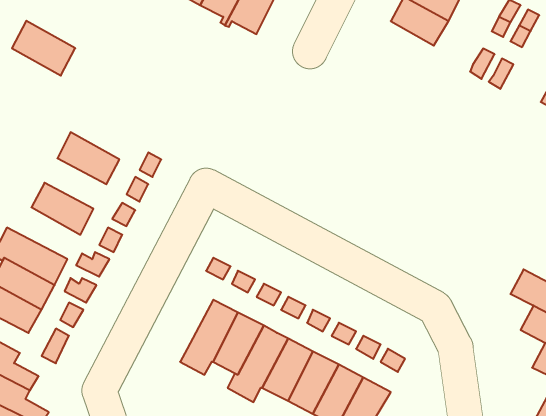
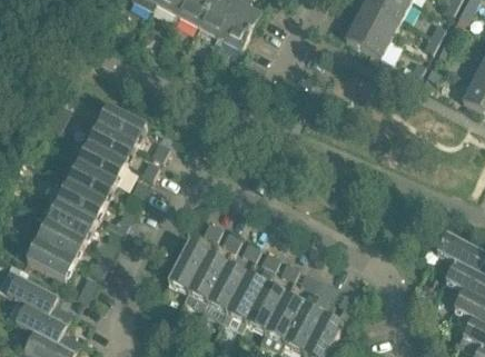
building: [12,21,75,76] -> [98,103,147,146]
building: none -> [78,145,126,184]
building: none -> [49,180,106,222]
building: none -> [169,244,208,291]

